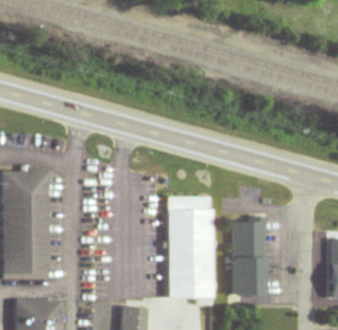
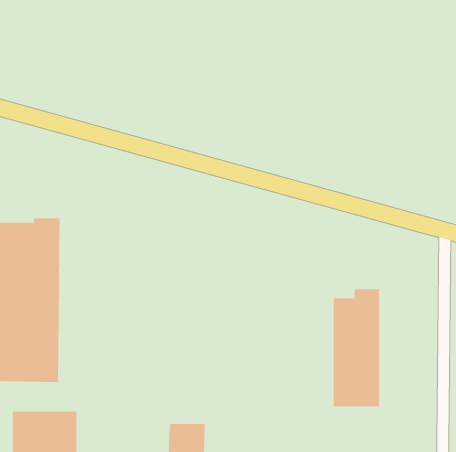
building: [169,197,214,297] -> none

